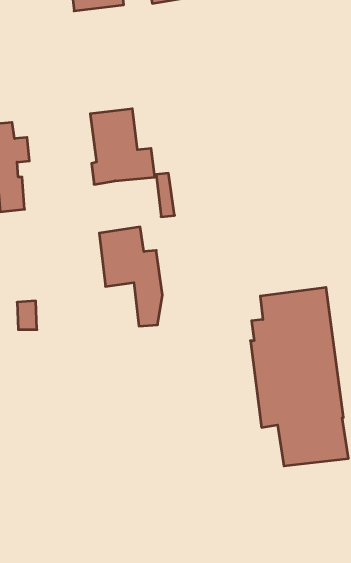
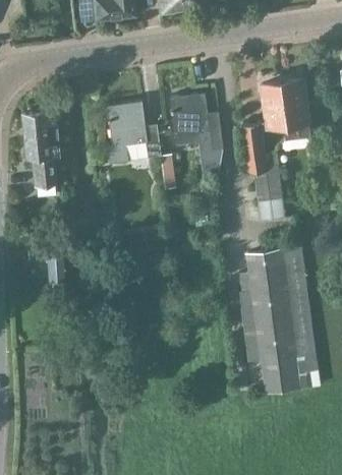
building: none -> [263,79,310,138]
building: none -> [242,121,285,220]
building: [99,227,162,326] -> [171,93,223,174]

